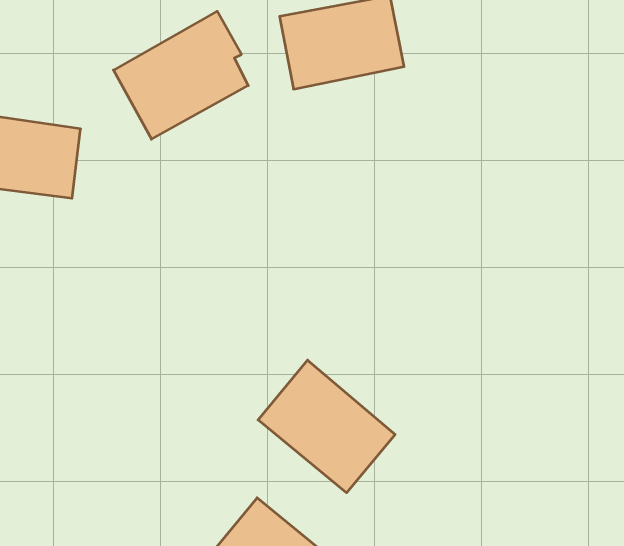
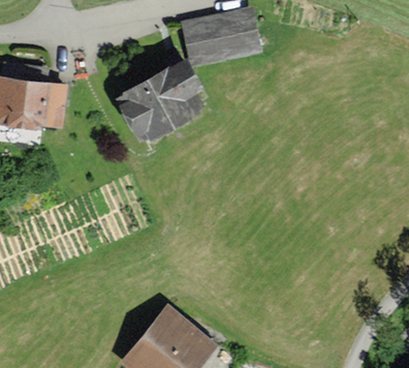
building: [113,11,248,139] -> [121,63,201,140]
building: [258,360,395,493] -> none

